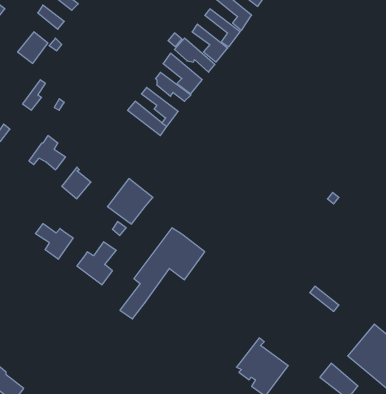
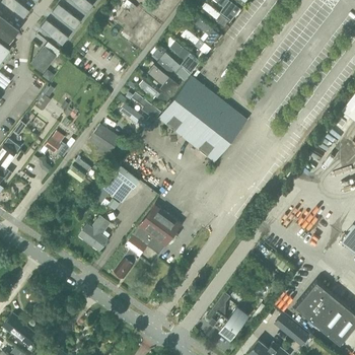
building: none -> [159,78,247,163]
building: none -> [88,124,119,152]
building: [35,224,73,259] -> none

